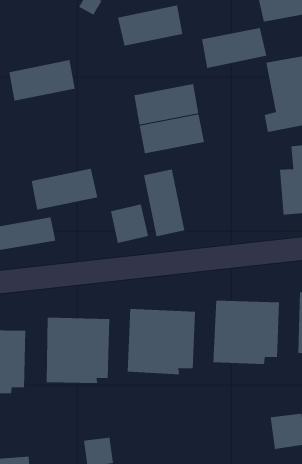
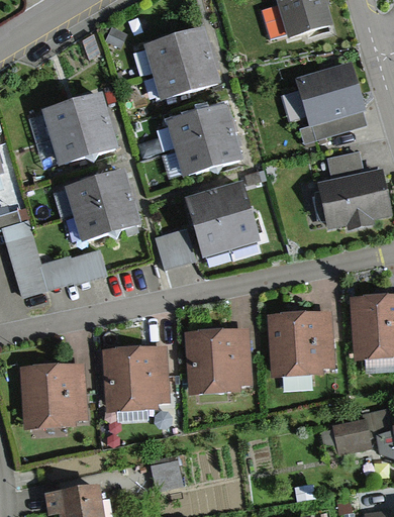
building: [201,27,267,68] -> [153,57,219,102]
building: none -> [50,120,117,165]
building: none -> [65,169,132,215]
building: none -> [212,182,259,249]

